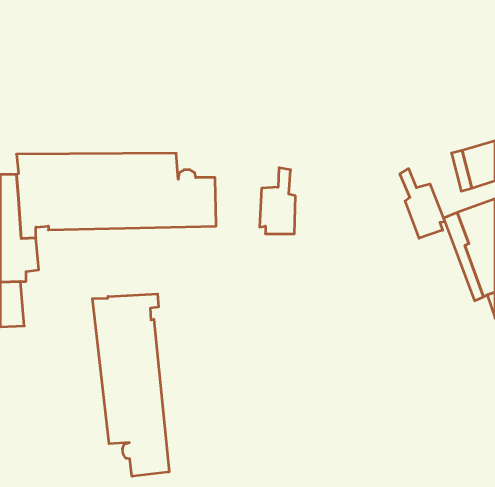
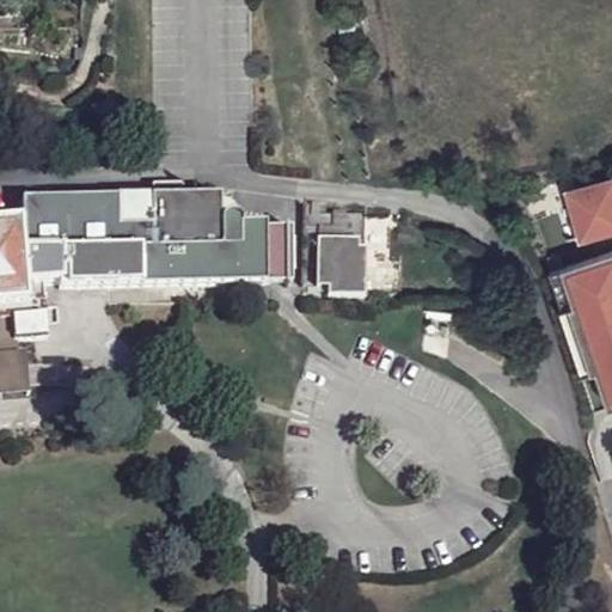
building: [400,169,445,238] -> none
building: none -> [265,220,293,276]
building: [92,294,169,476] -> none

